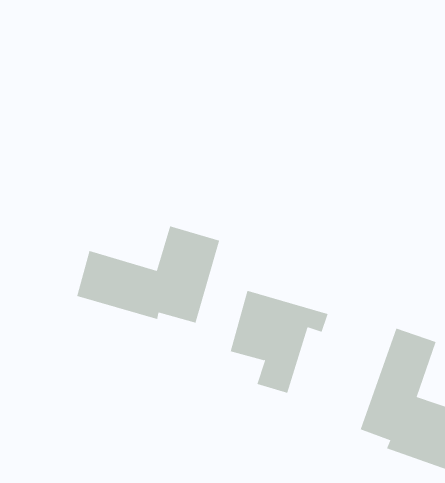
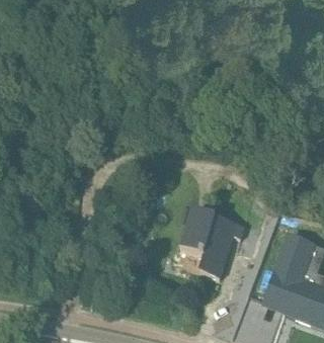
building: [76,226,220,324] -> none

